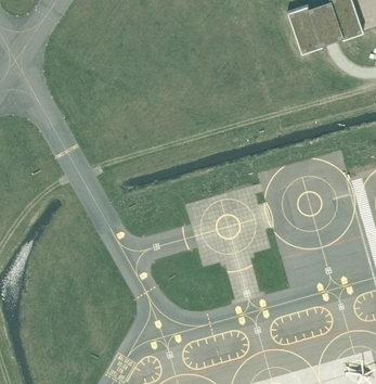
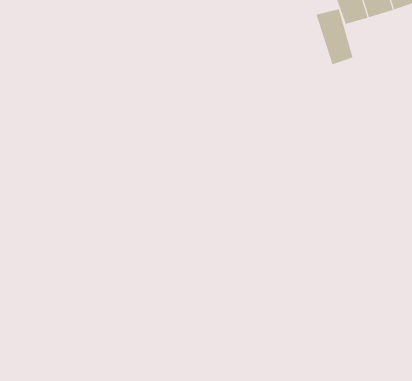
building: none -> [316,8,353,65]

